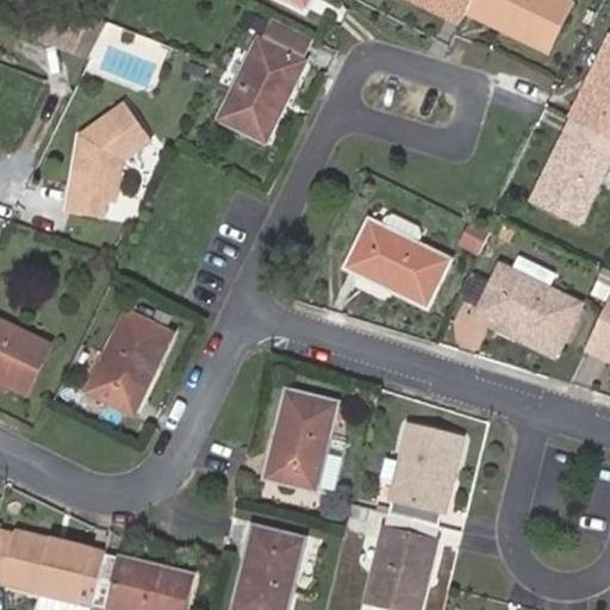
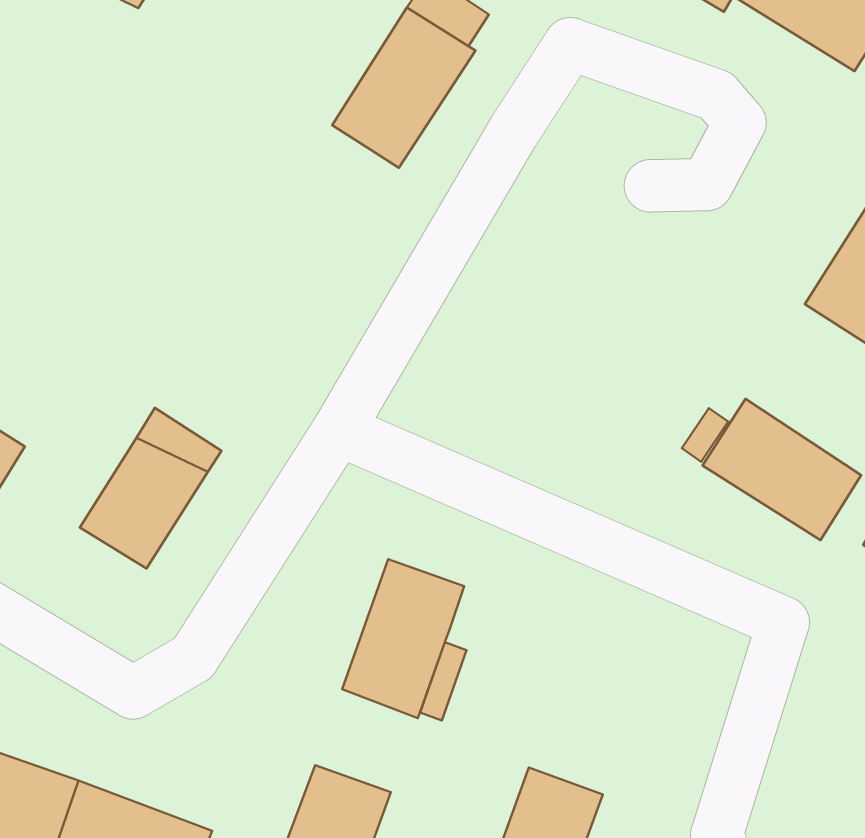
building: [70,105,152,222] -> none
building: [344,217,459,312] -> none
building: [379,429,459,525] -> none

